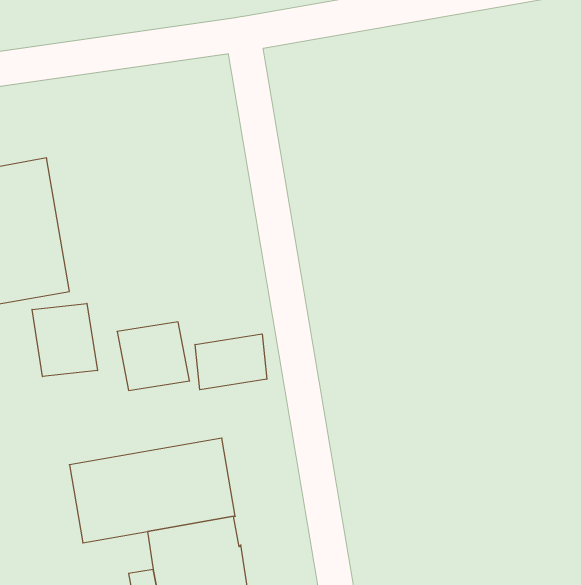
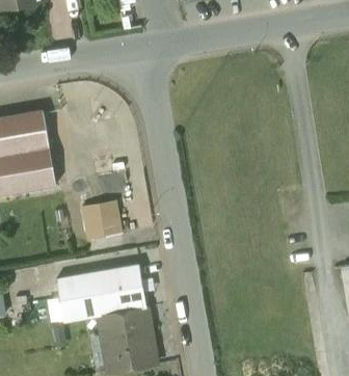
building: [32,303,97,377] -> none
building: [195,334,267,390] -> none

